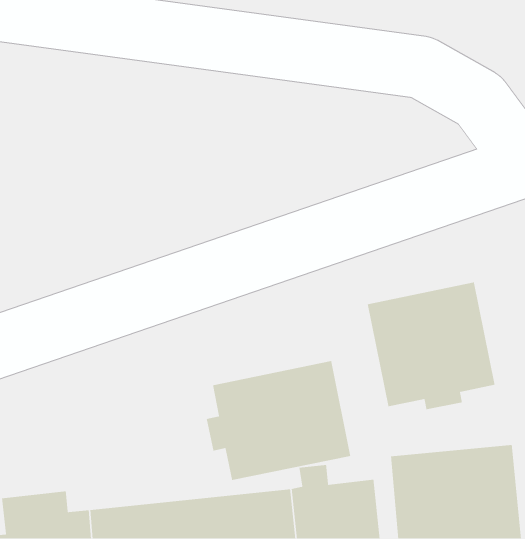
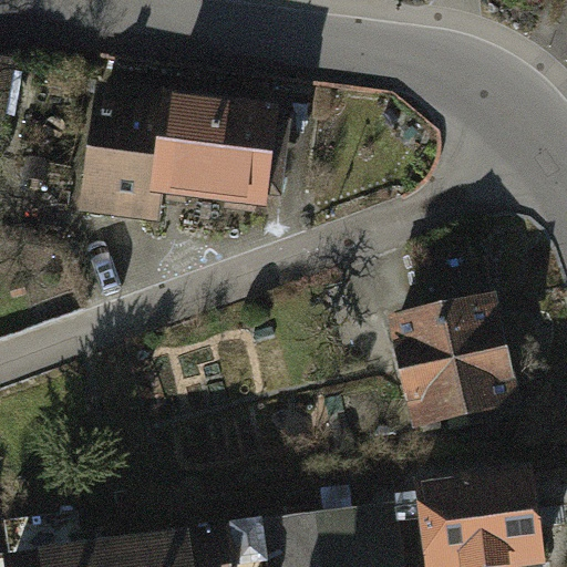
building: none -> [78,86,281,236]
building: [206,360,351,481] -> none

